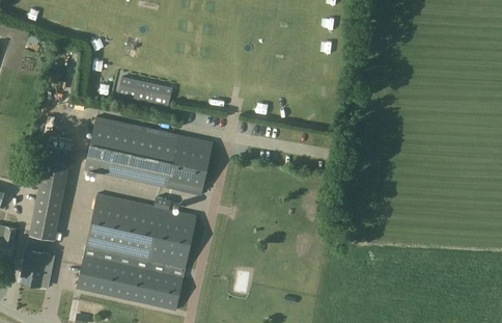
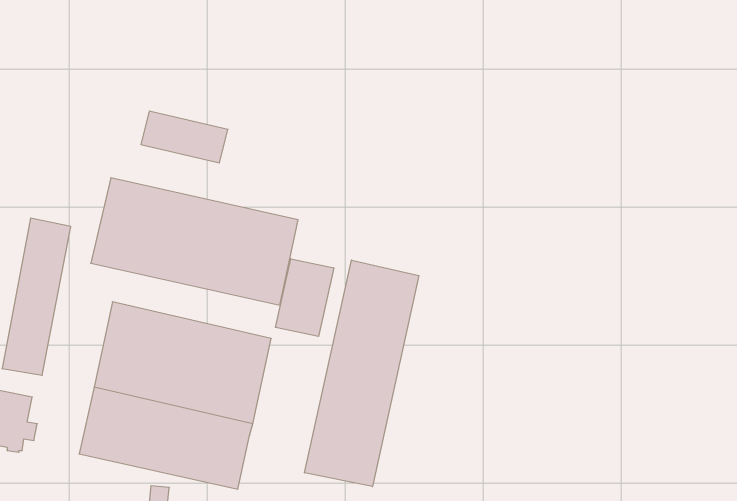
building: none -> [276,259,334,336]
building: none -> [305,260,419,487]

